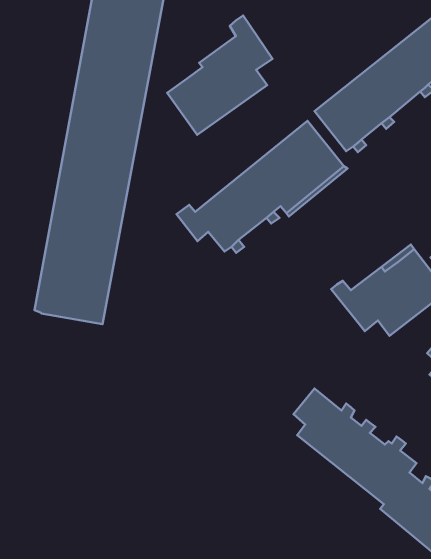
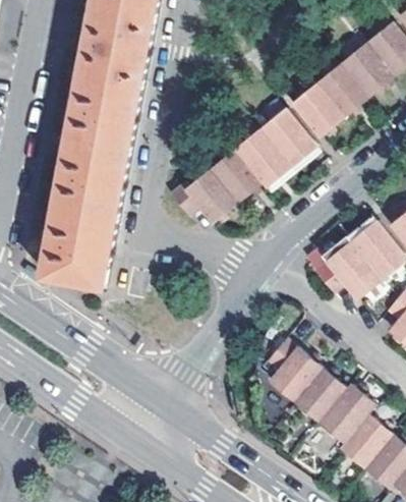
building: [167,16,273,135] -> none

